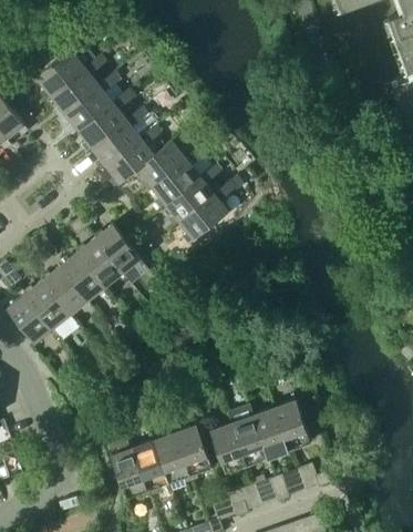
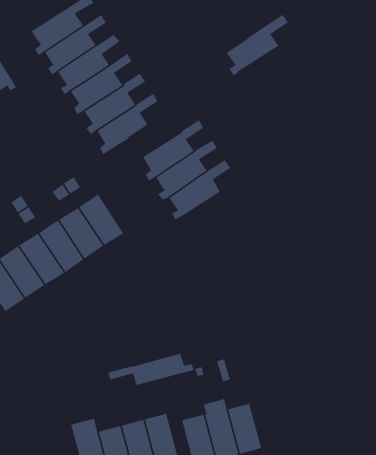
building: [137,127,194,191] -> [226,14,289,76]
building: none -> [107,352,195,386]
building: [273,400,311,450] -> none

